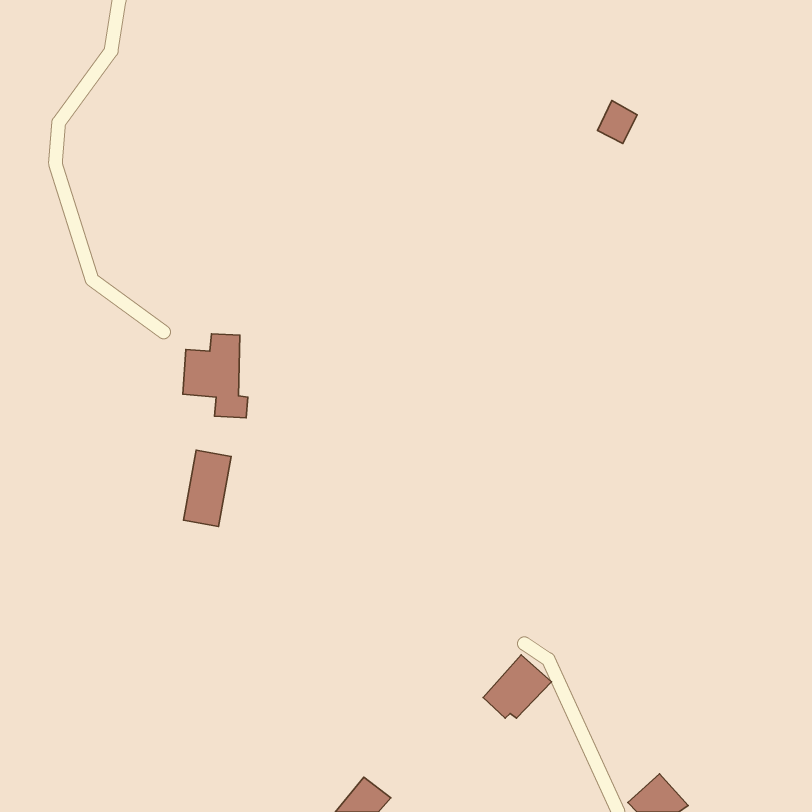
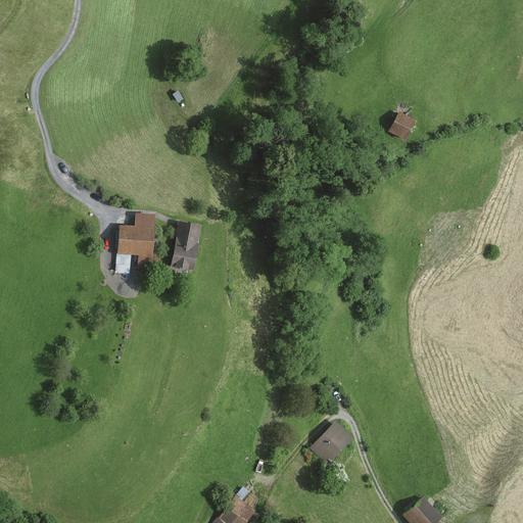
building: [597,100,637,143] -> [390,112,416,140]
building: [183,450,231,526] -> [171,222,201,271]

